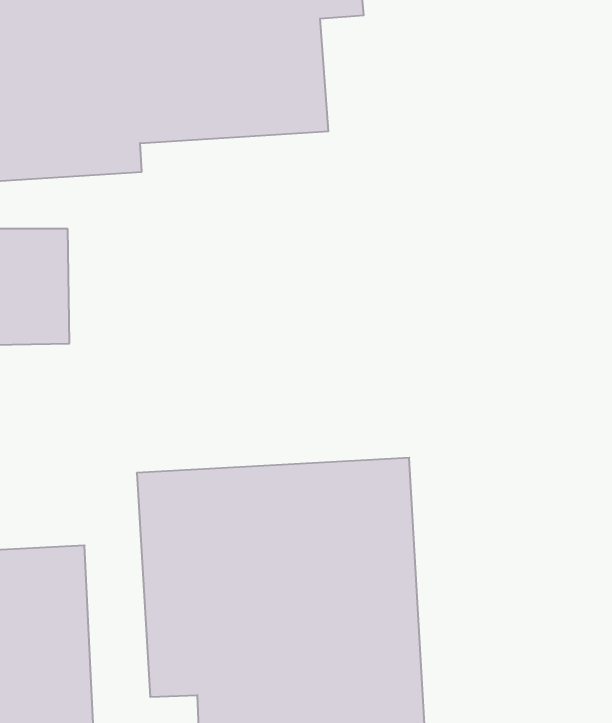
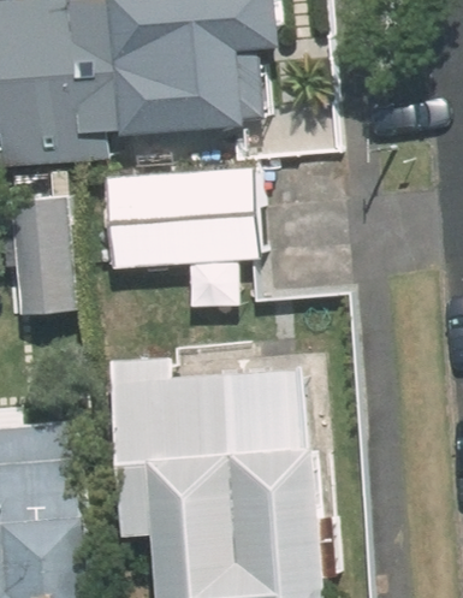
building: none -> [105,171,254,272]

